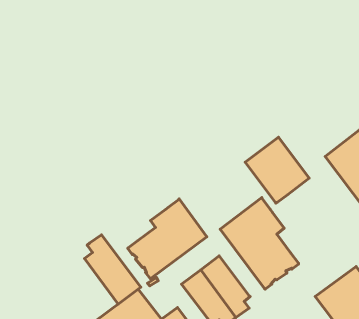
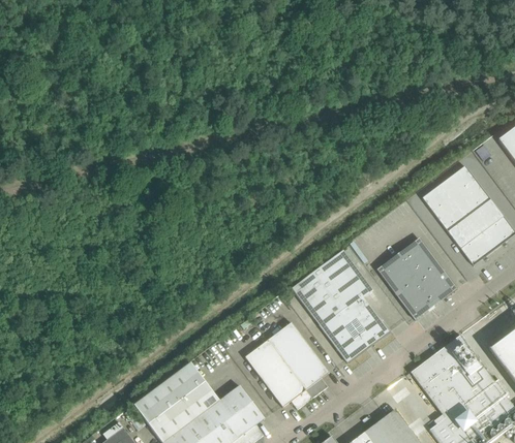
building: [245,137,309,203] -> [376,238,456,319]
building: [128,199,207,279] -> none
building: [85,235,141,304] -> none

